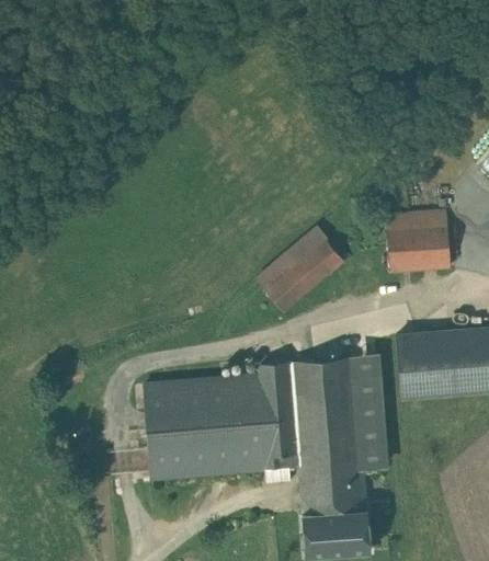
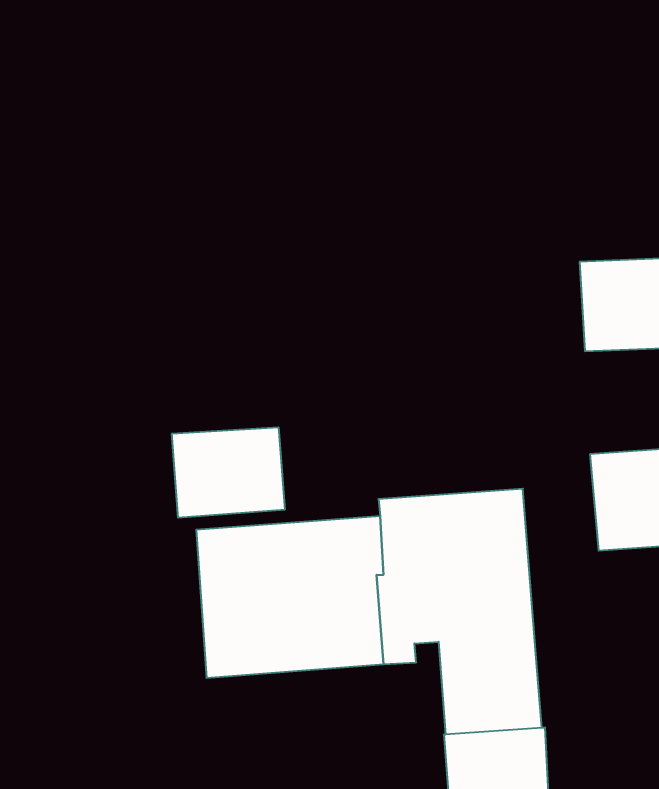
building: [255,228,345,313] -> none
building: none -> [172,427,285,518]
building: [353,356,385,468] -> none

